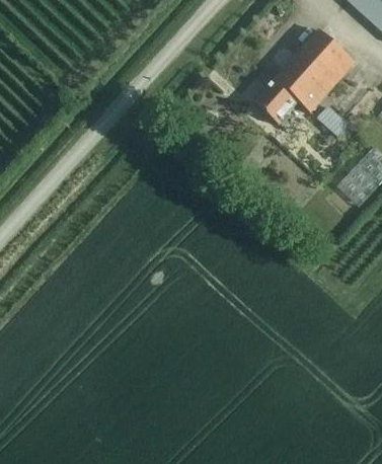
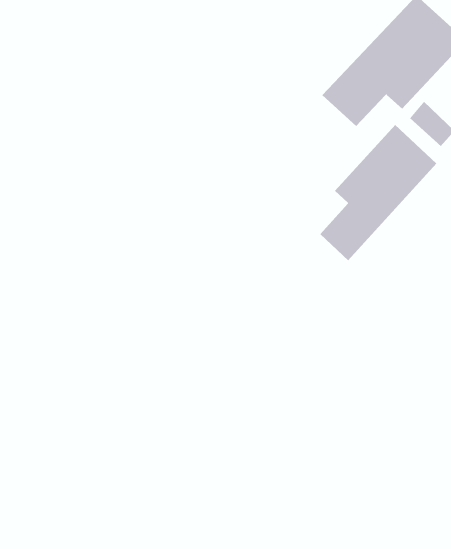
building: none -> [319,124,437,261]

